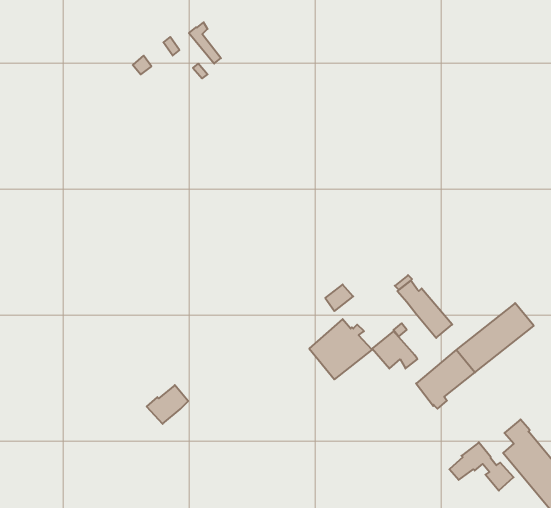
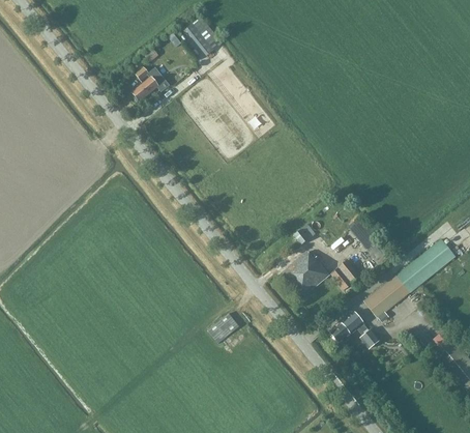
building: none -> [133,66,169,100]
building: [147,385,188,424] -> [207,313,239,343]
building: [449,442,514,491] -> [331,312,381,349]

